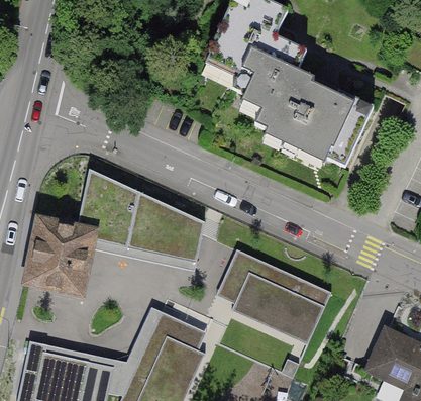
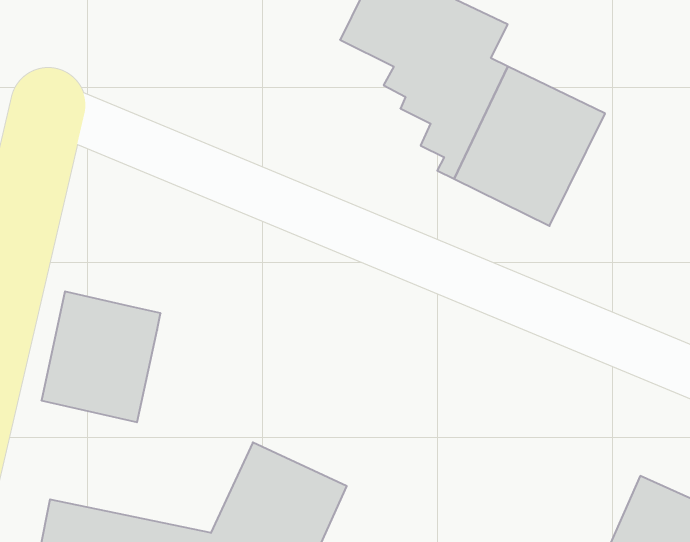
building: [79,167,207,261] -> none
building: [214,252,330,349] -> none

